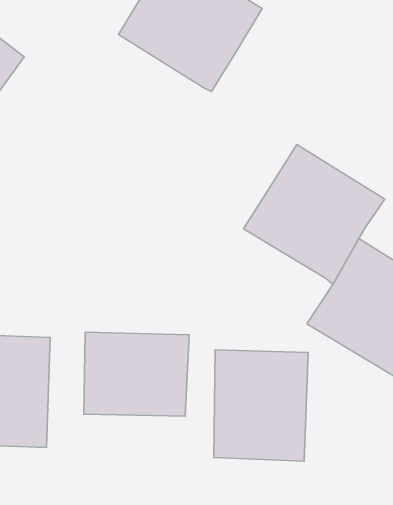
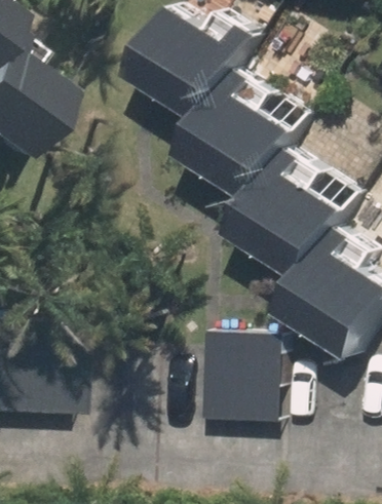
building: none -> [187,80,302,195]
building: [84,332,189,416] -> none

